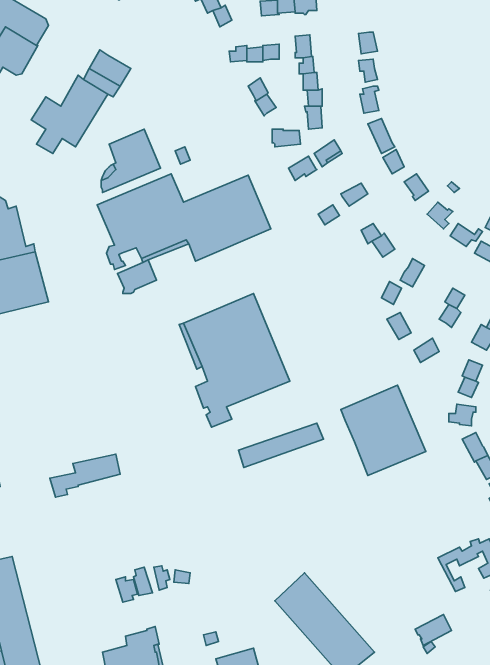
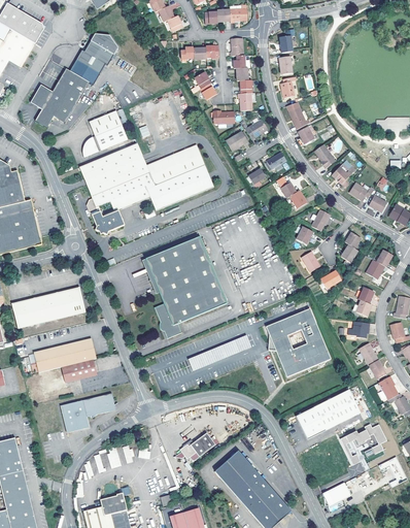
building: none -> [88,35,121,66]
building: none -> [11,286,84,328]
building: none -> [34,338,96,372]
building: none -> [296,389,362,438]
building: none -> [62,392,116,431]
building: none -> [179,432,216,458]

